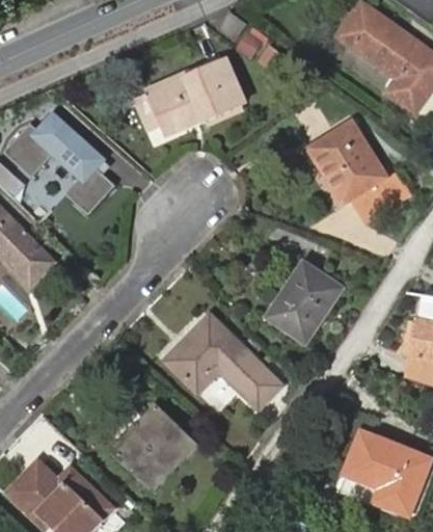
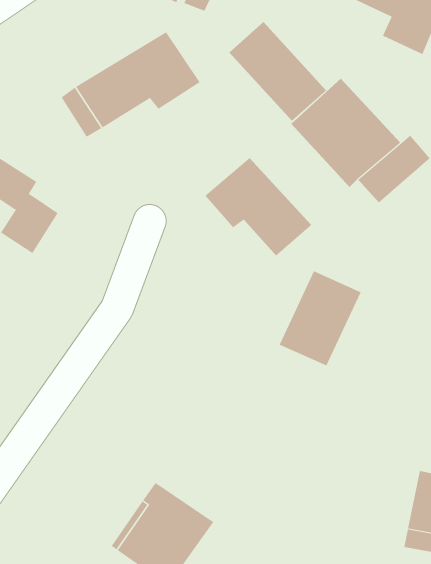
building: none -> [228,21,327,122]
building: none -> [204,157,312,256]
building: [165,315,279,407] -> none

